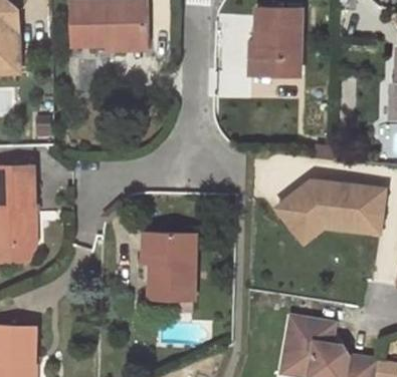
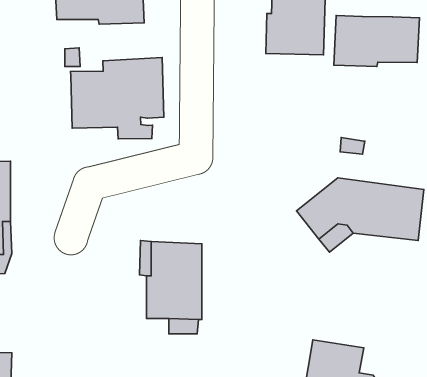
building: none -> [334,15,420,66]
building: none -> [71,58,164,139]

